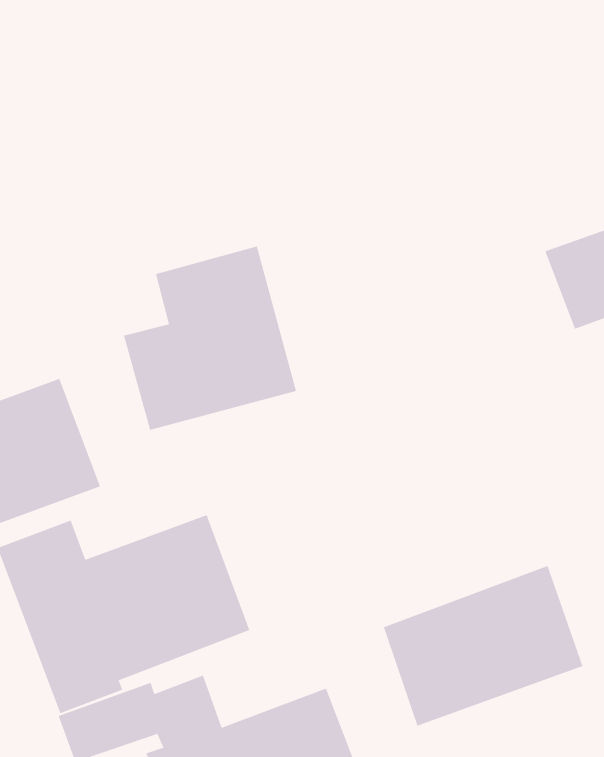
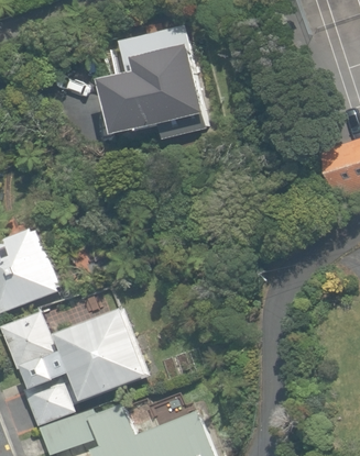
building: [123,246,297,430] -> [105,26,207,135]
building: [383,565,583,726] -> none

